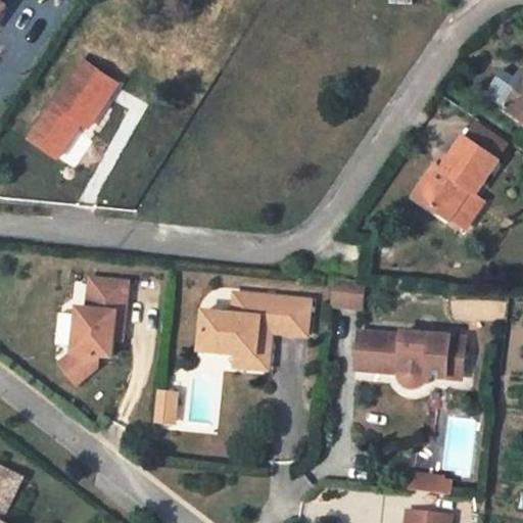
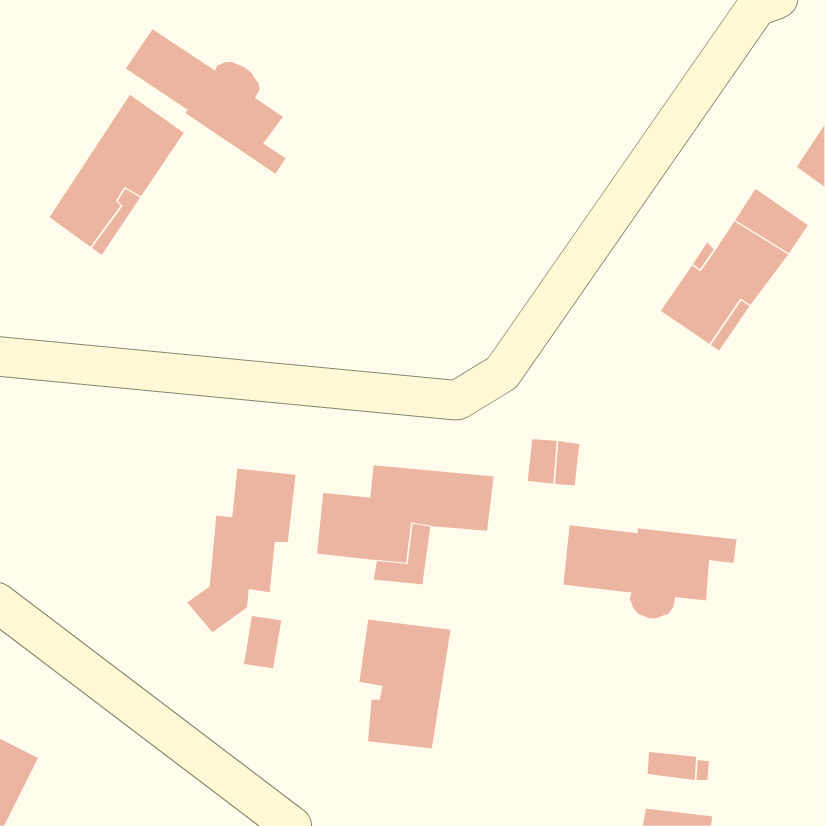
building: none -> [125,28,286,175]
building: [57,279,127,383] -> [186,468,296,633]
building: none -> [359,619,451,749]

